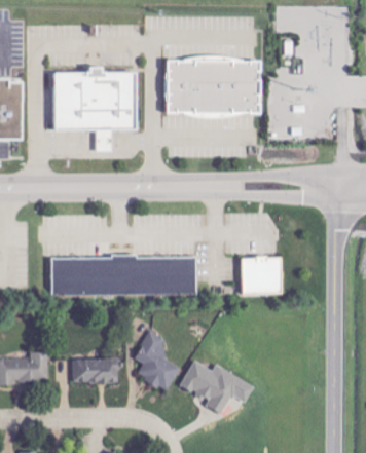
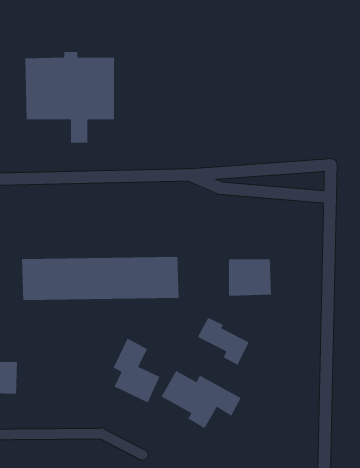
building: [167,60,260,112] -> none
building: none -> [197,317,250,366]
building: [71,357,118,383] -> none

